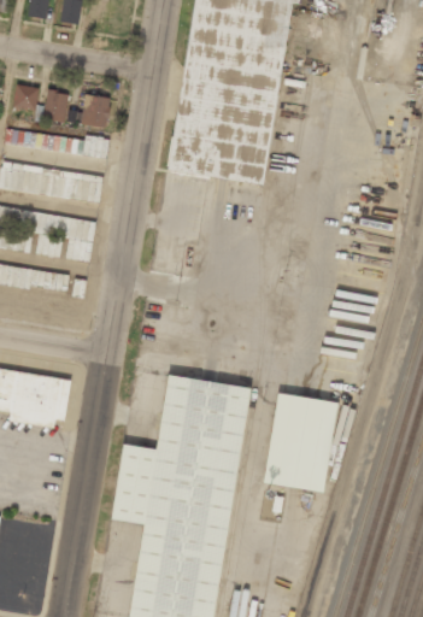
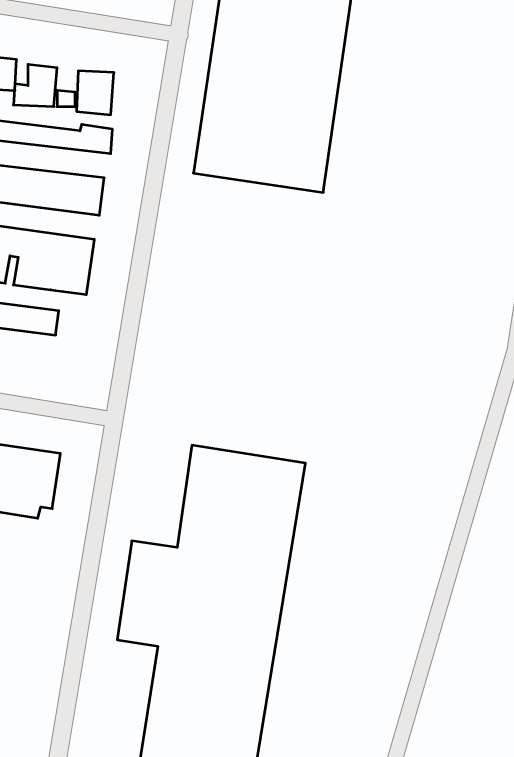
building: [263,393,336,493] -> none

